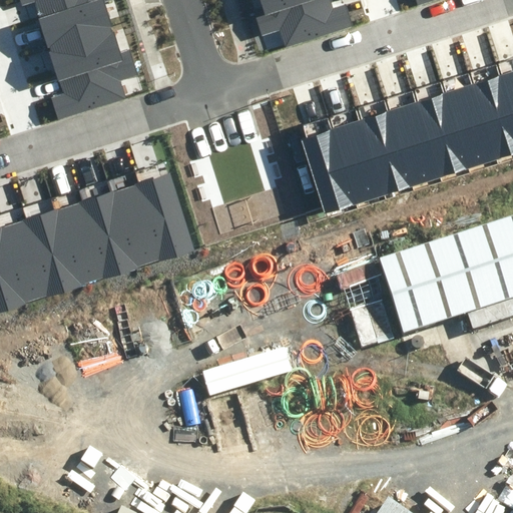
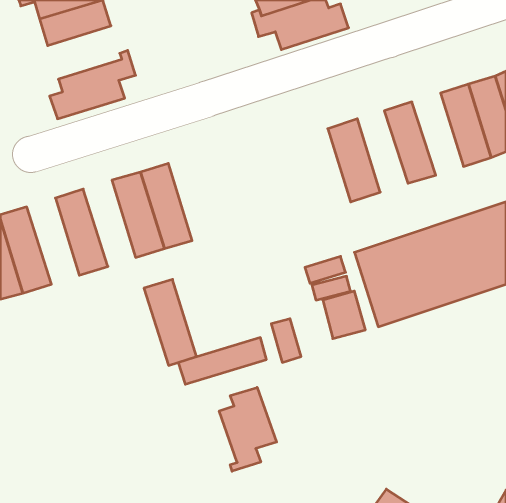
building: [48,29,123,83] -> none
building: [417,97,469,180] -> none
building: [362,115,413,197] -> none
building: [301,133,355,216] -> none
building: [84,185,137,273] -> [144,279,196,365]
building: [27,203,80,291] -> none
building: none -> [219,387,277,471]

